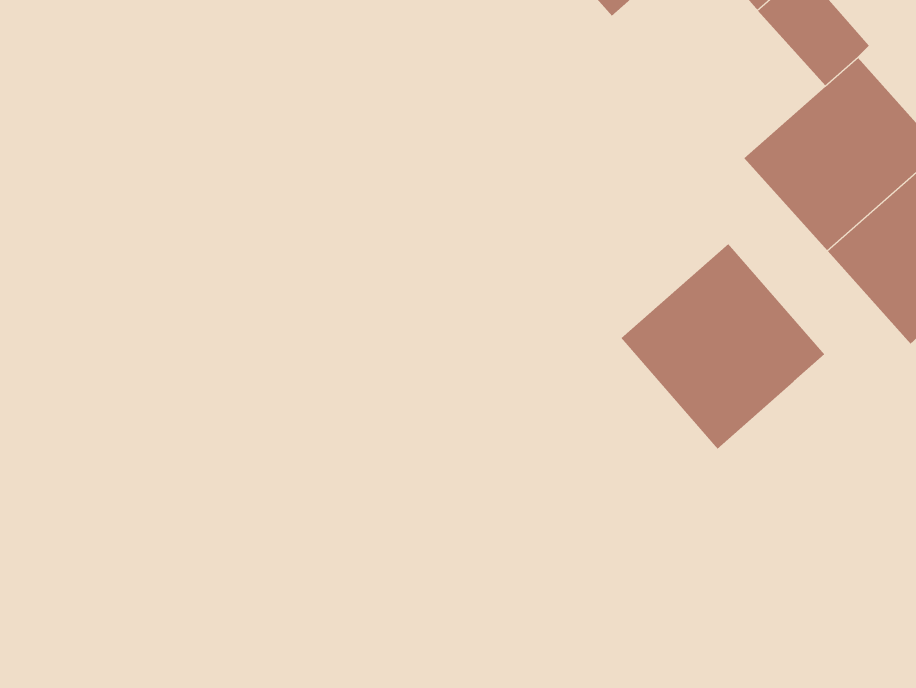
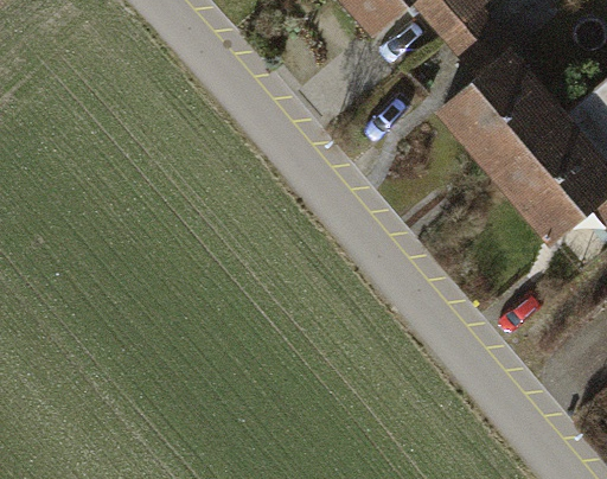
building: [621,243,825,449] -> none

